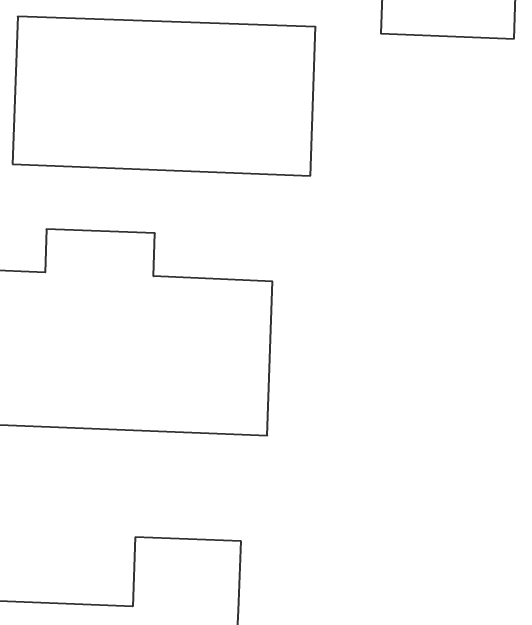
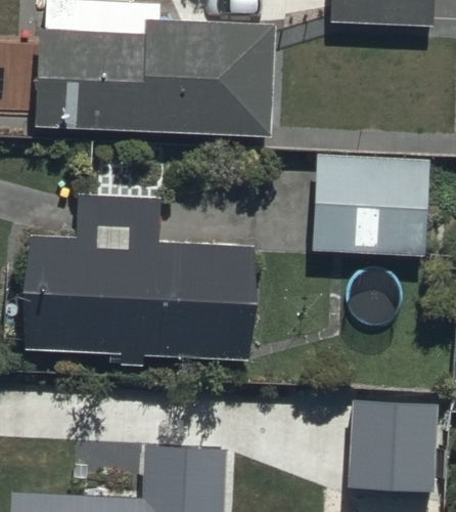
building: none -> [311,146,437,256]
building: none -> [347,394,440,486]

